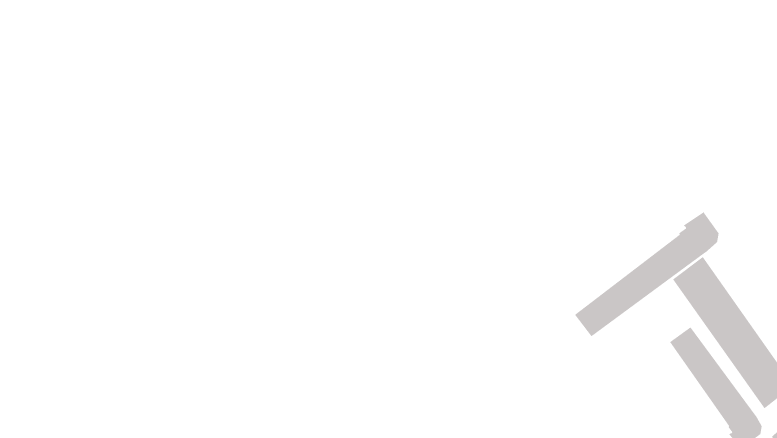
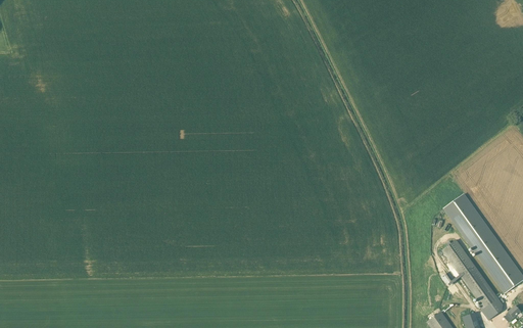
building: [574,211,719,337] -> none

